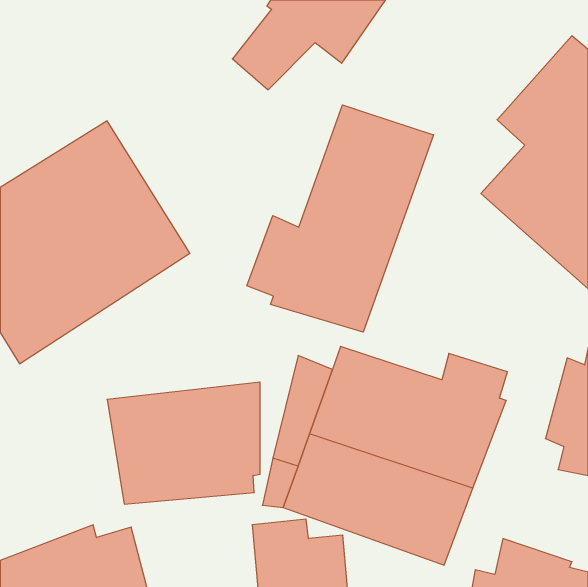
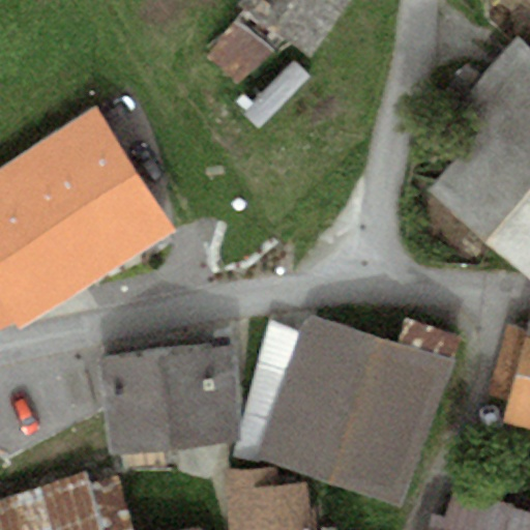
building: [247,105,434,332] -> none

